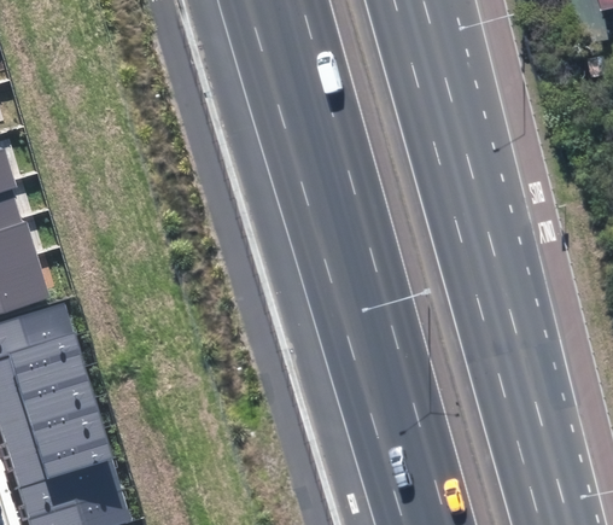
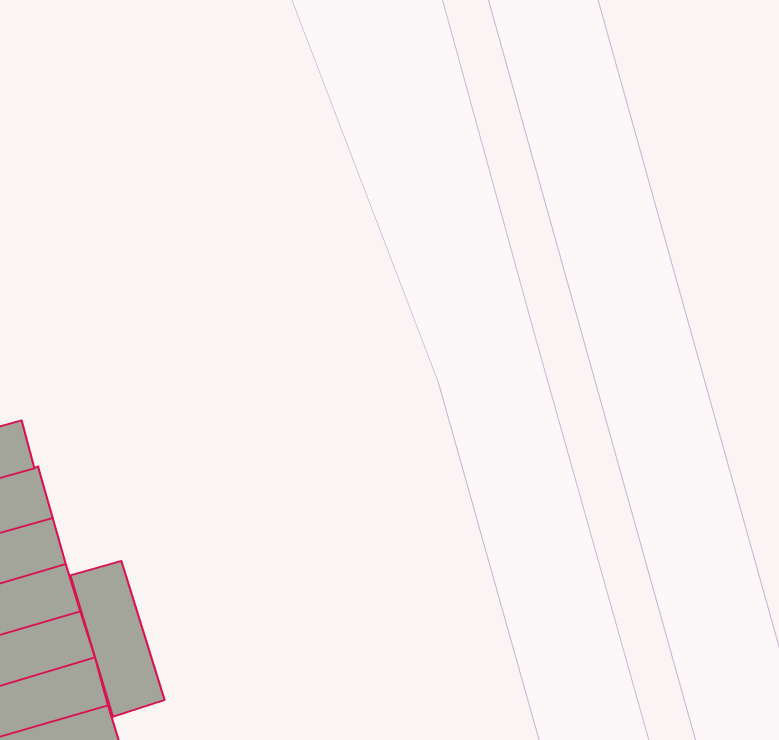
building: none -> [71,561,164,717]

